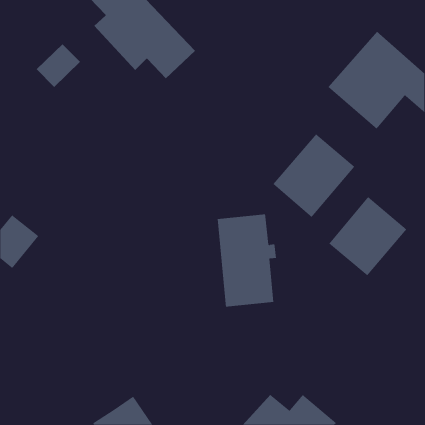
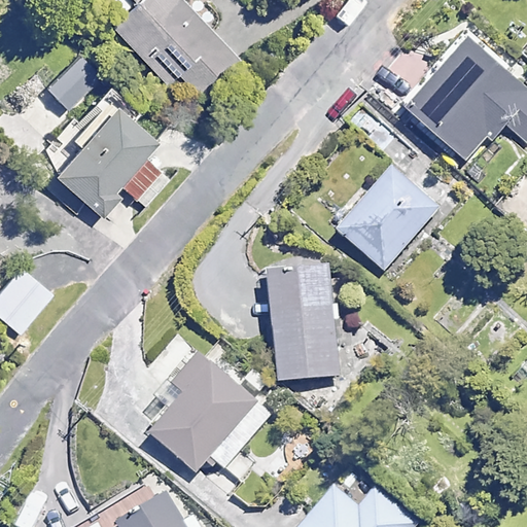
building: none -> [51,106,166,213]
building: [328,196,407,276] -> none
building: none -> [147,359,271,469]

